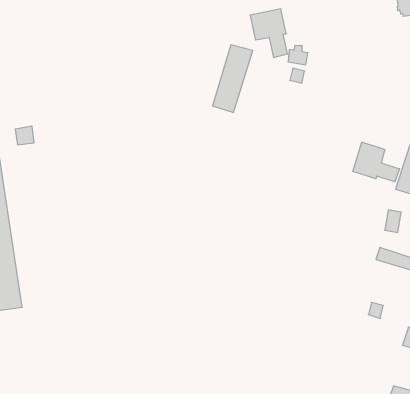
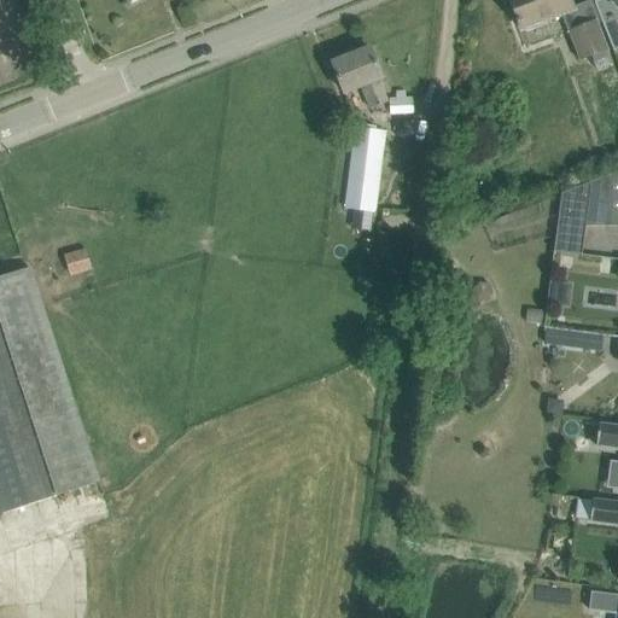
building: [213,45,253,112] -> [345,127,384,211]
building: [353,142,400,182] -> none

